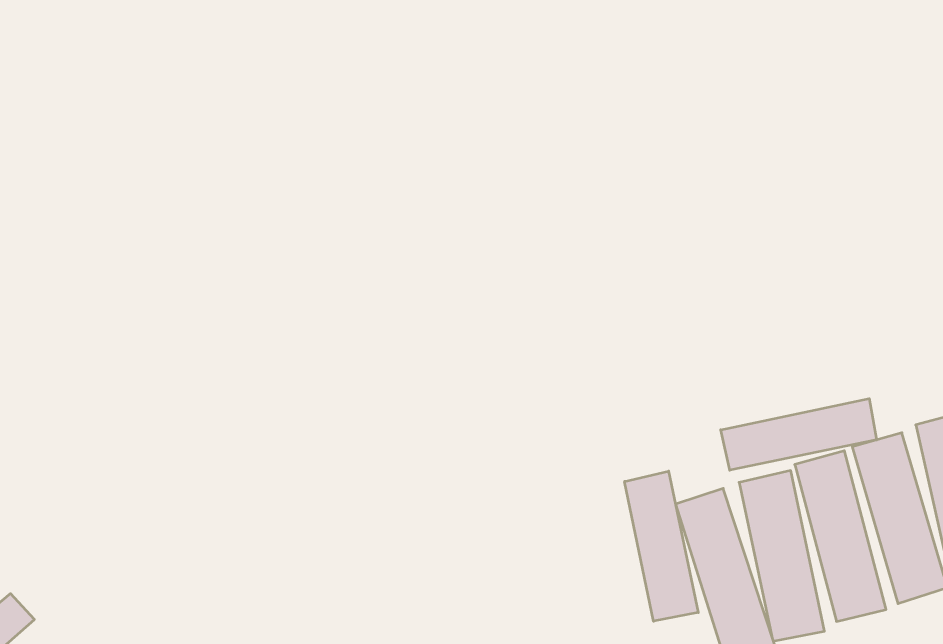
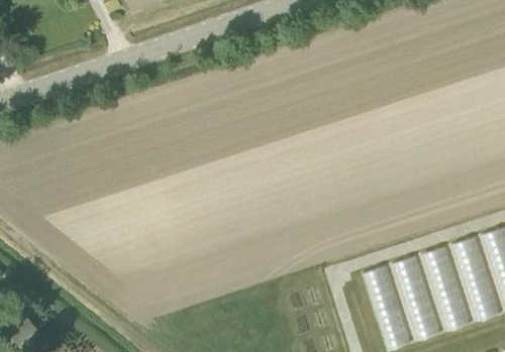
building: [721,399,877,470] -> none
building: [625,471,698,621] -> none

